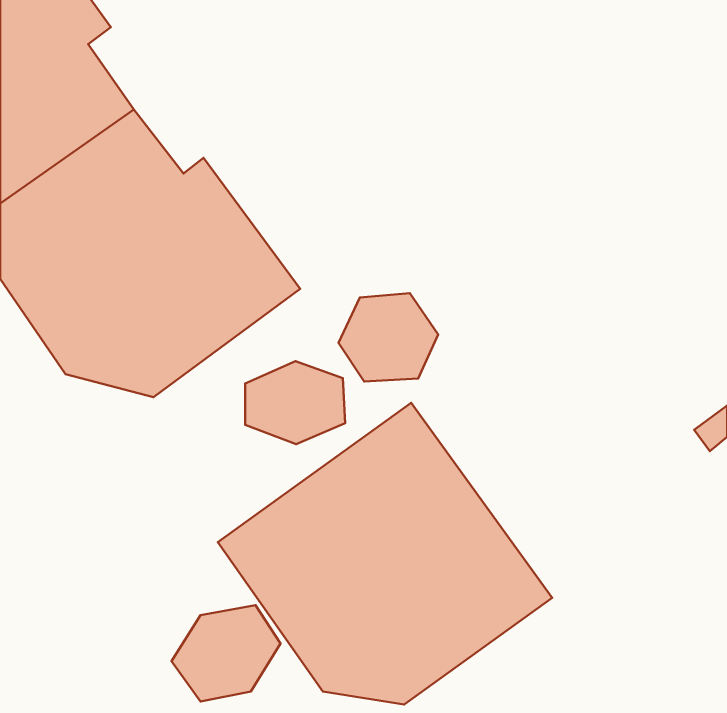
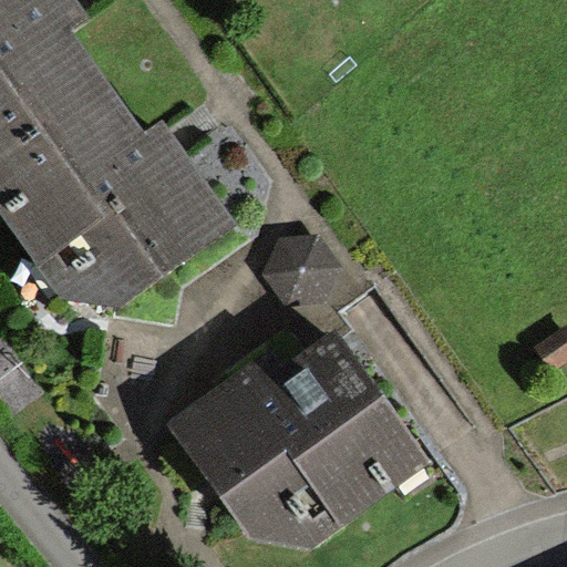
building: [245,361,345,444] -> none
building: [171,605,281,701] -> none

